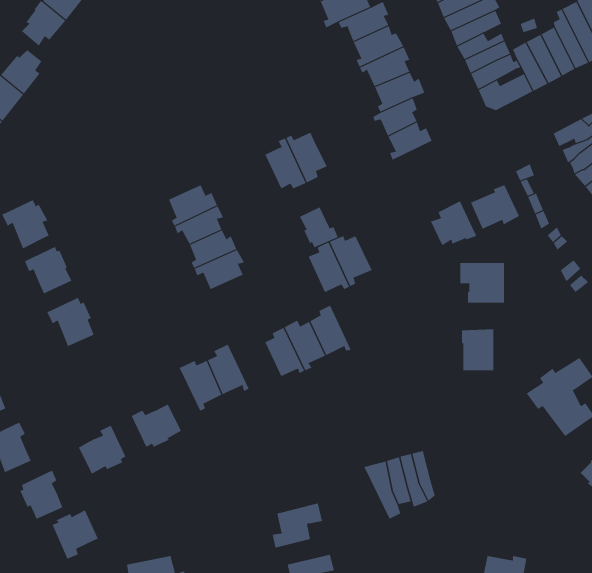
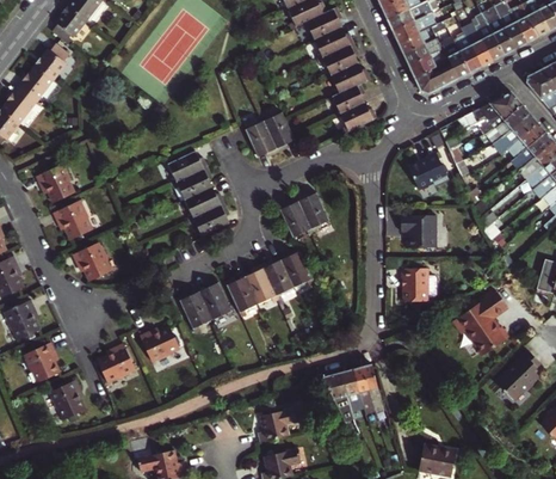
building: [430,201,477,246] -> none
building: [299,207,339,248] -> none
building: none -> [226,277,258,318]
building: [52,510,99,560] -> none

